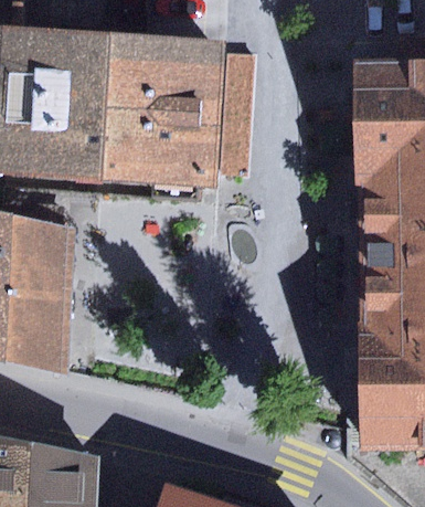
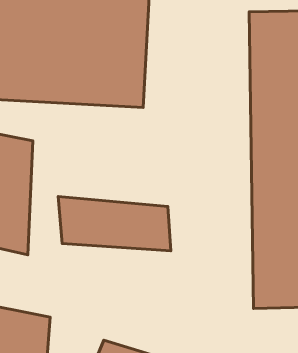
building: none -> [58,197,171,251]

